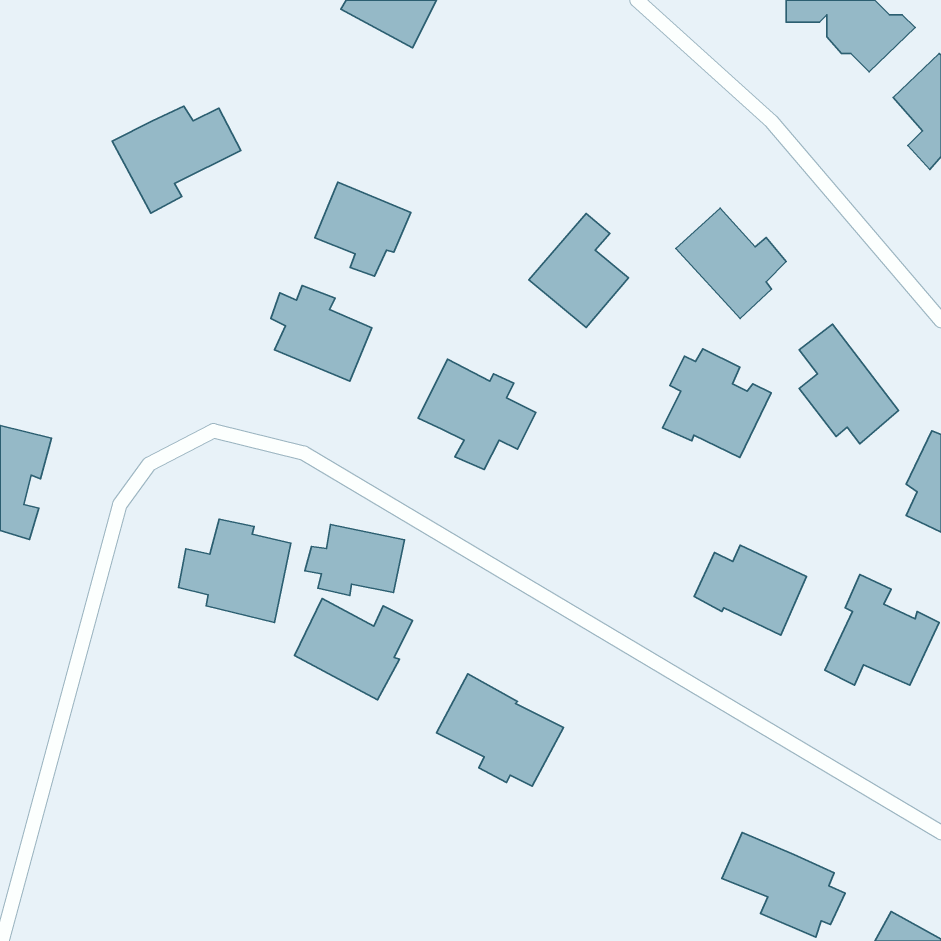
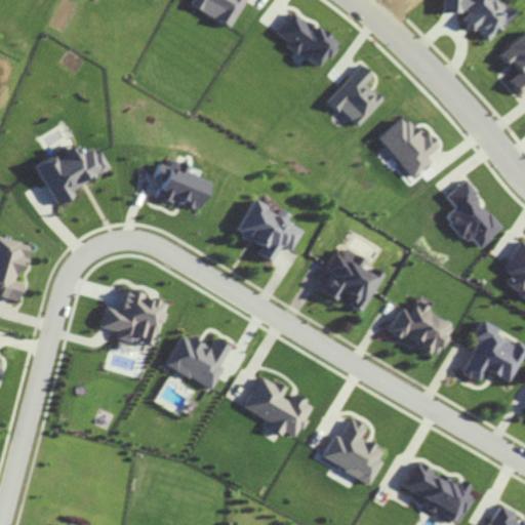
building: none -> [274,12,331,66]
building: [112,106,241,213] -> [34,146,106,205]
building: [315,182,411,276] -> none
building: [529,213,628,328] -> [325,64,380,127]
building: [662,349,771,457] -> [319,249,379,310]
building: [305,524,405,596] -> none
building: none -> [322,418,381,483]

